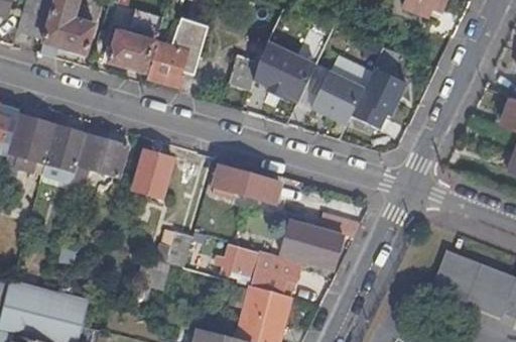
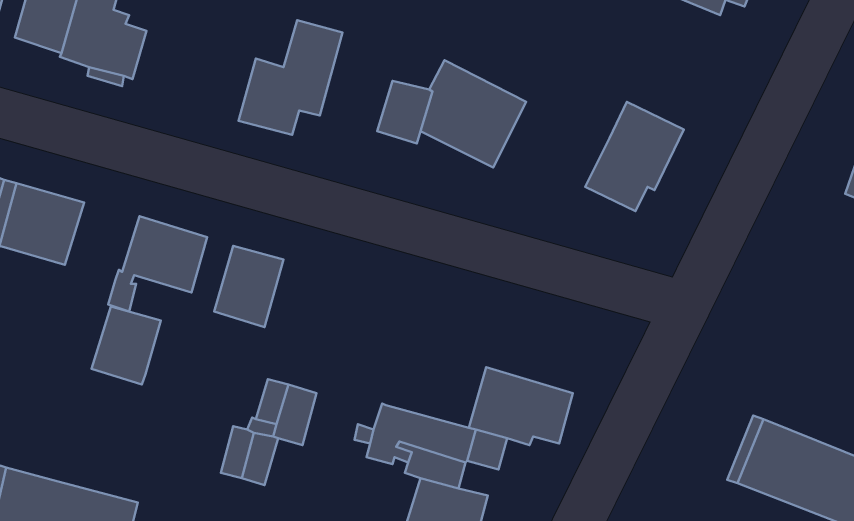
building: [107,27,156,71] -> none
building: [309,72,363,126] -> none
building: [46,125,87,170] -> [92,307,161,385]
building: [214,165,280,203] -> none

